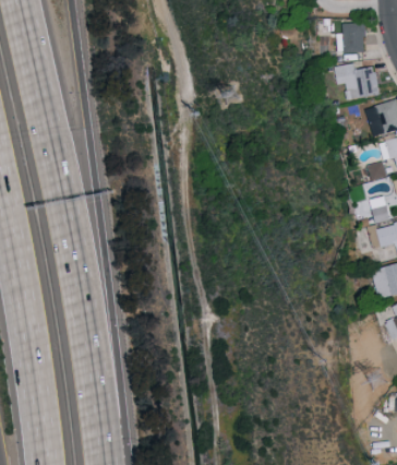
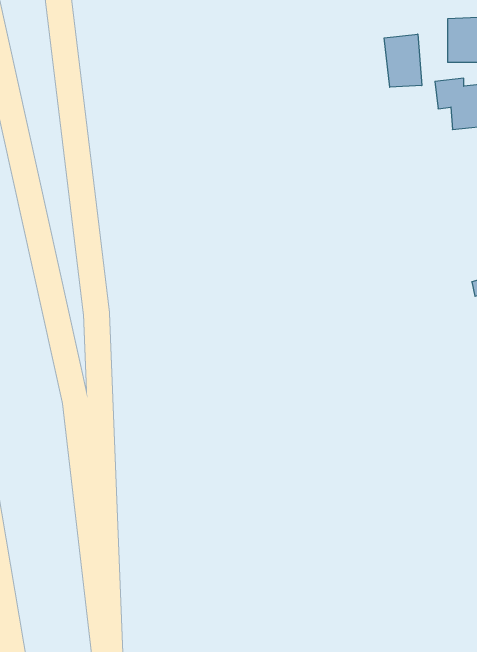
building: none -> [384,34,422,87]

